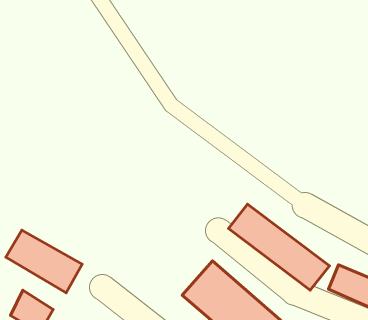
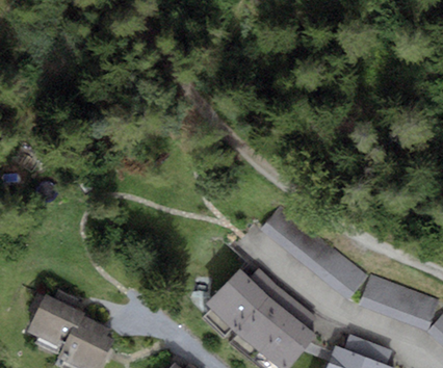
building: [6,230,82,293] -> none

